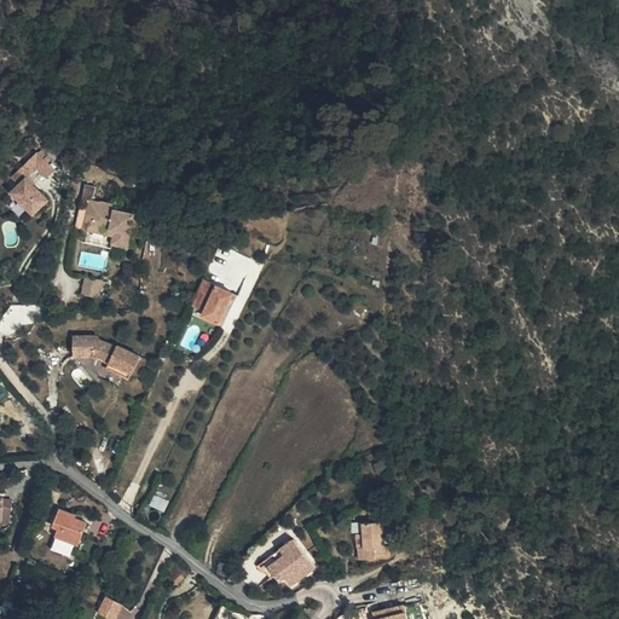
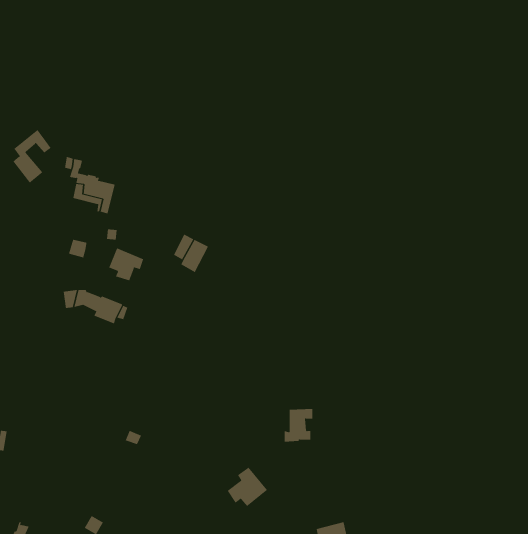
building: none -> [109,248,144,281]
building: [48,513,81,546] -> none
building: [349,525,383,563] -> [284,409,313,442]

